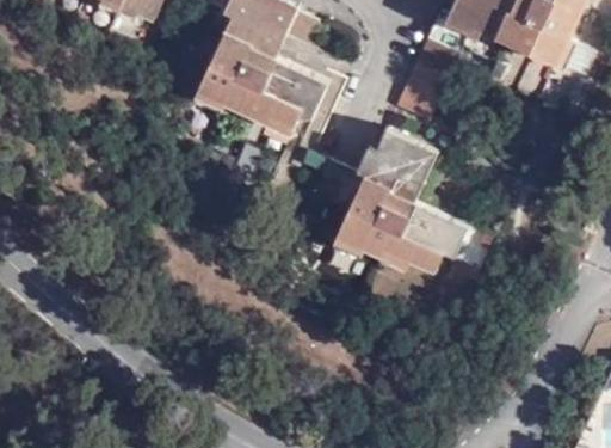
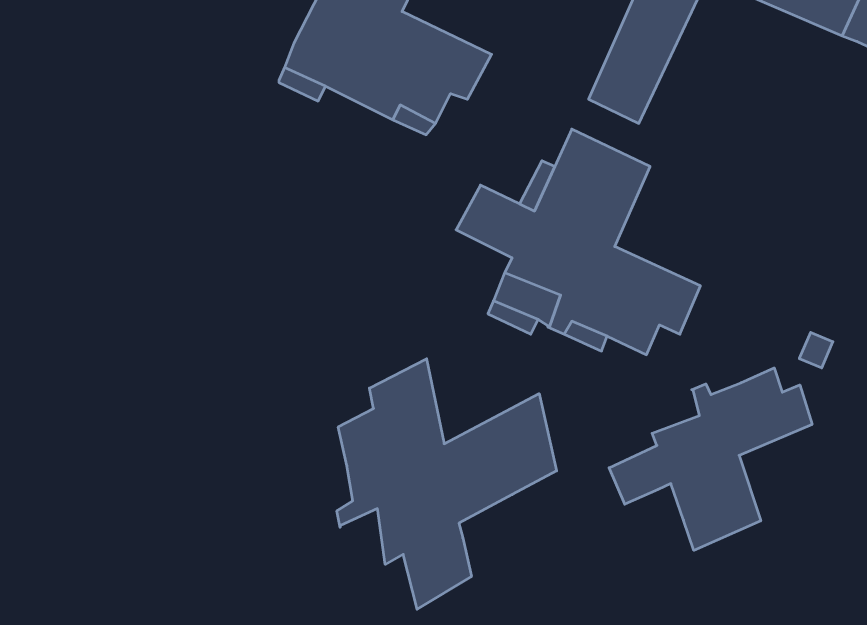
building: none -> [337,359,557,609]
building: none -> [609,368,812,550]

